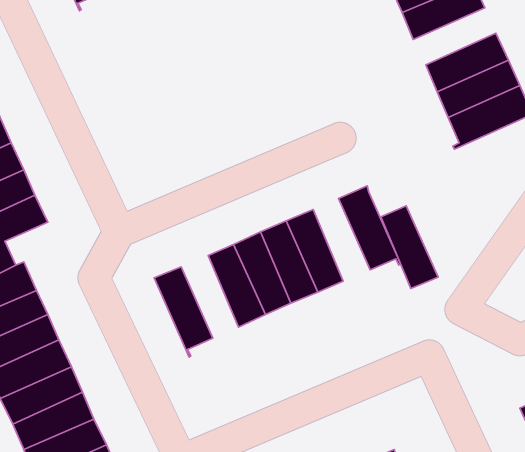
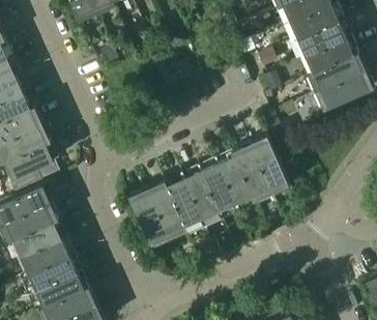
building: none -> [296,22,350,59]
building: [381,206,438,288] -> [231,146,268,200]
building: none -> [145,183,182,237]

